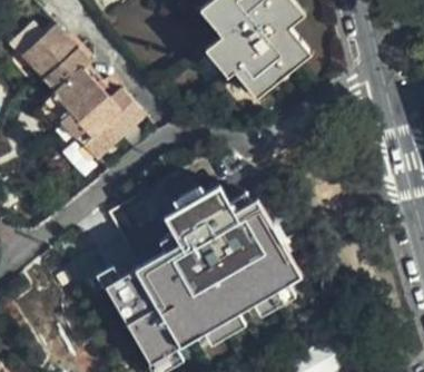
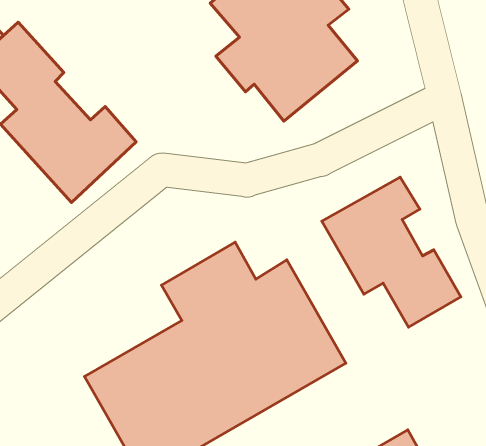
building: none -> [322,177,461,327]

